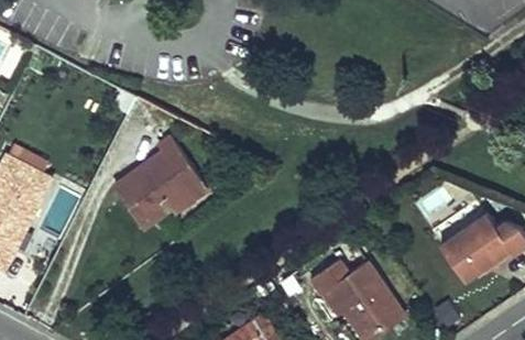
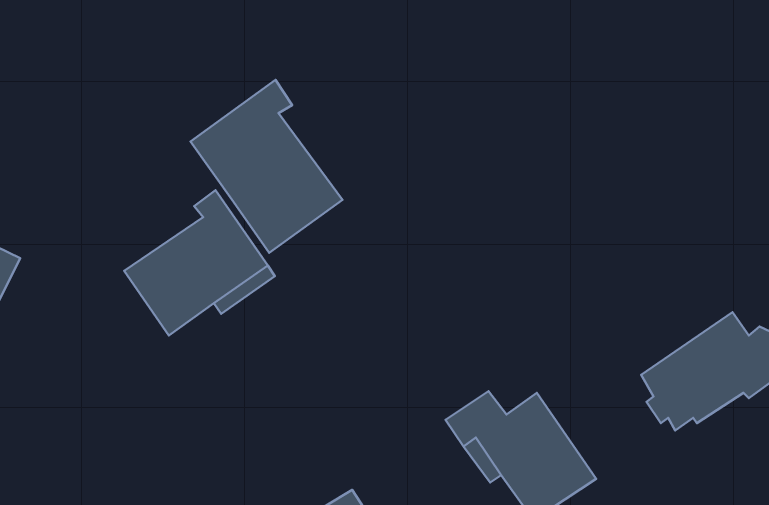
building: none -> [190,80,342,253]

